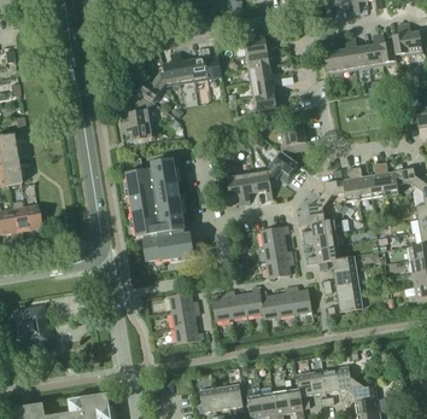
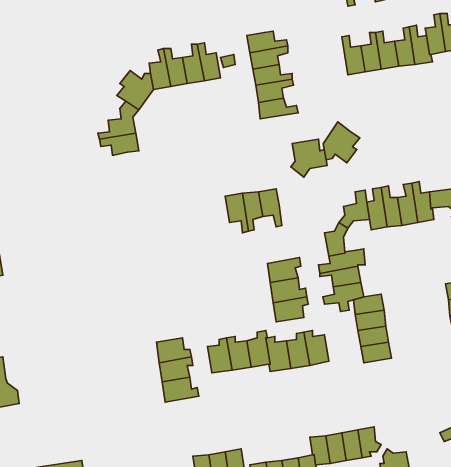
building: [268,150,298,184] -> [323,122,360,163]
building: [125,157,194,261] -> none

